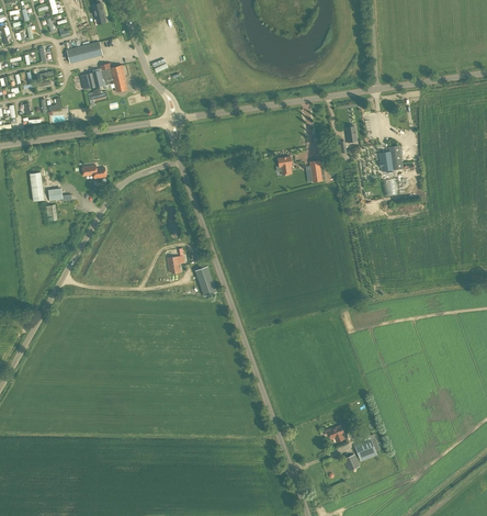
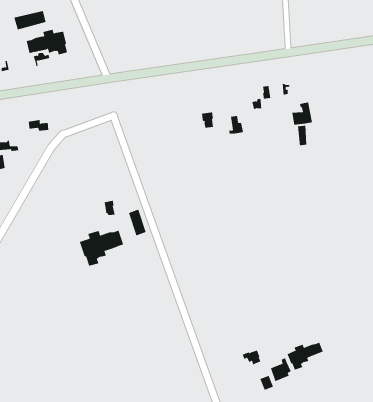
building: none -> [79,230,124,266]
building: none -> [287,342,323,370]

